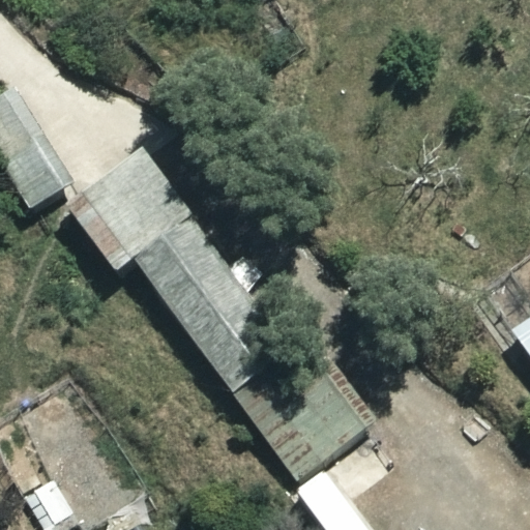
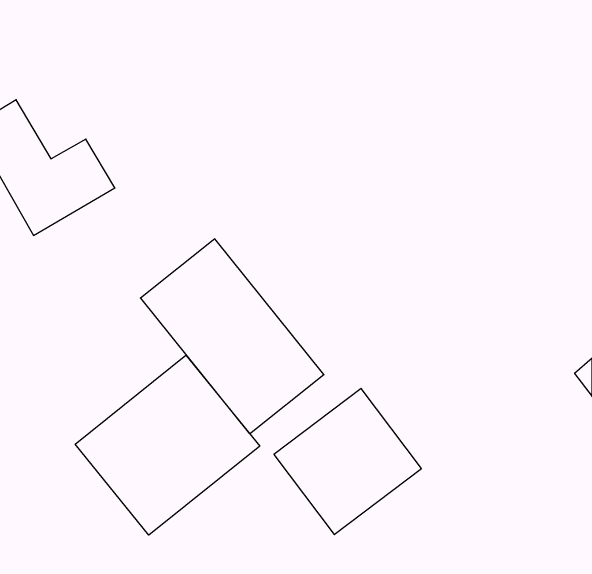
building: [65,150,192,273] -> none
building: none -> [75,355,260,535]

